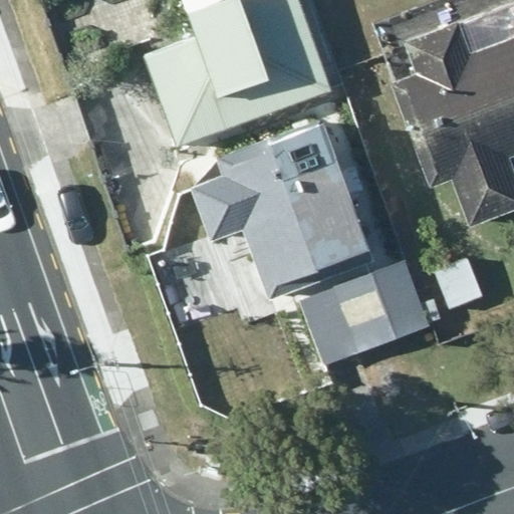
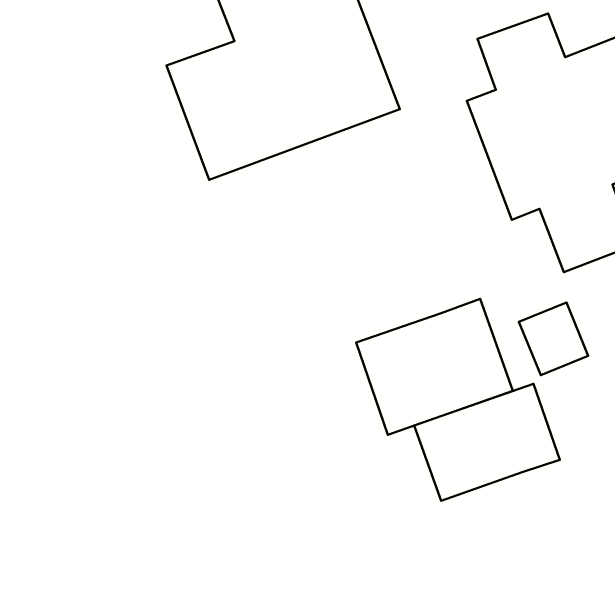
building: [184,124,369,299] -> none
building: none -> [414,384,560,501]

